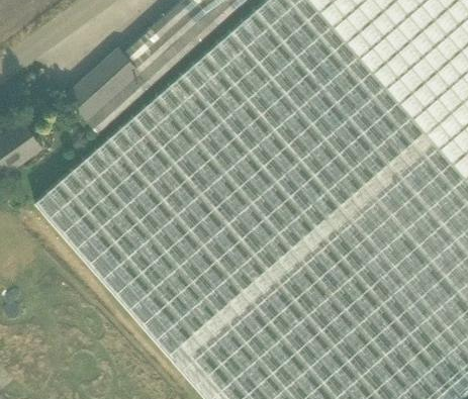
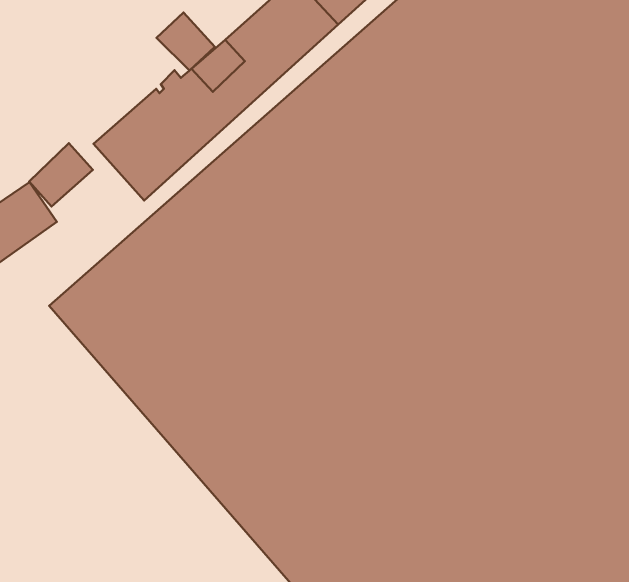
building: none -> [156,13,215,70]
building: none -> [29,143,93,206]

